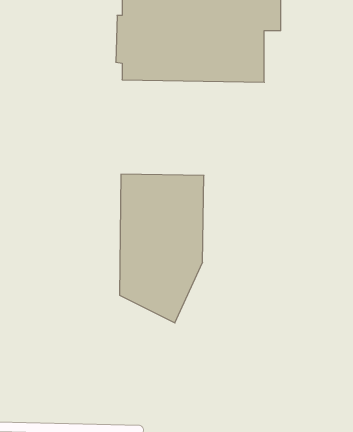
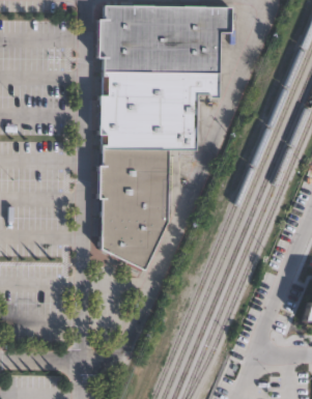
building: none -> [100,72,221,150]

